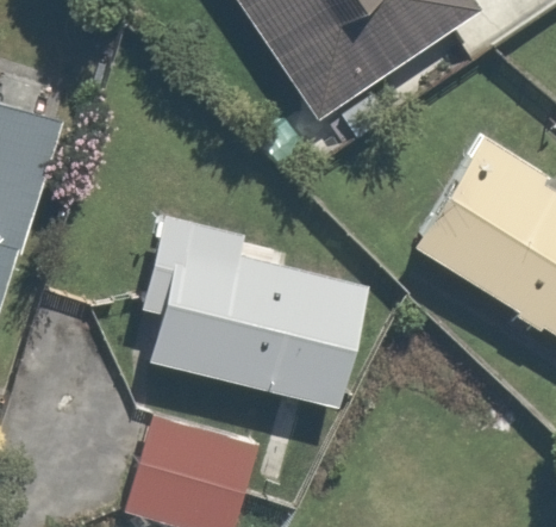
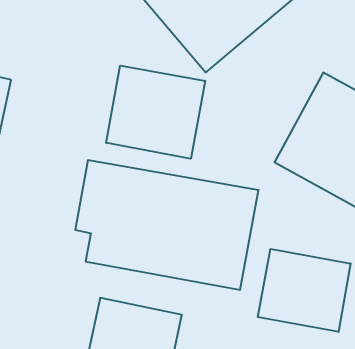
building: none -> [106,66,205,159]
building: none -> [258,249,351,332]

